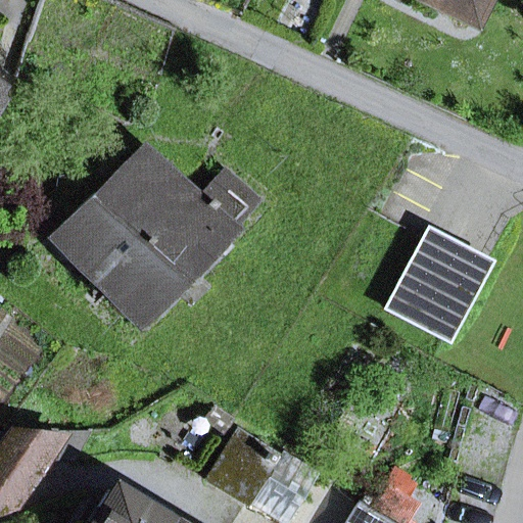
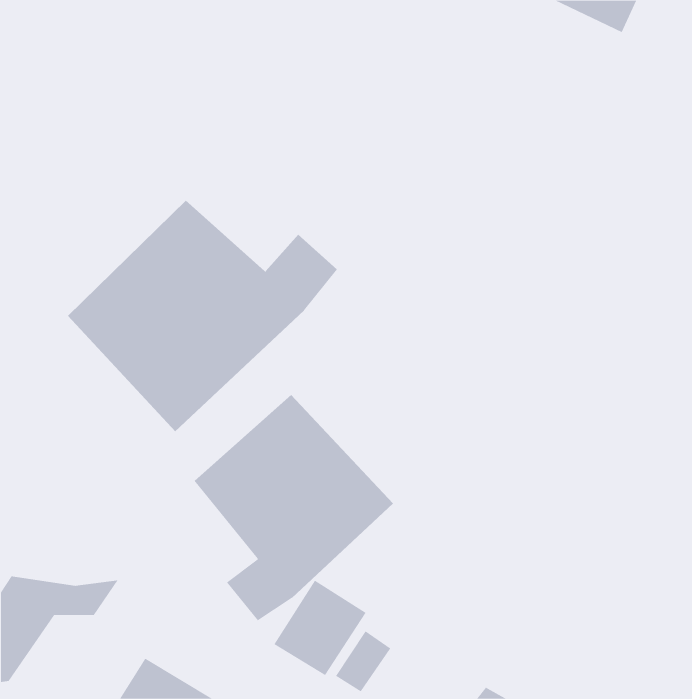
building: [389,238,487,341] -> none
building: none -> [194,394,394,621]

